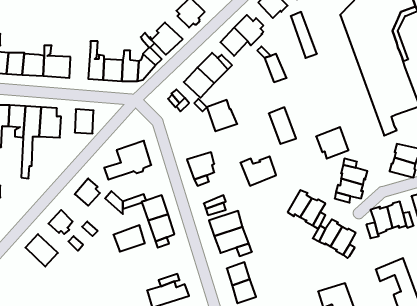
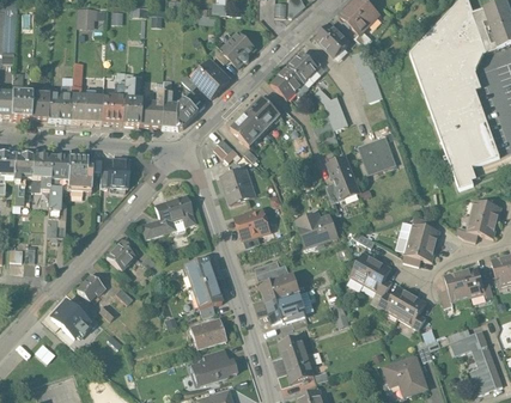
building: none -> [101,87,124,124]
building: [207,100,237,131] -> [220,167,255,203]
building: [316,127,349,159] -> [357,136,394,172]
building: [113,225,145,252] -> [189,318,225,348]

